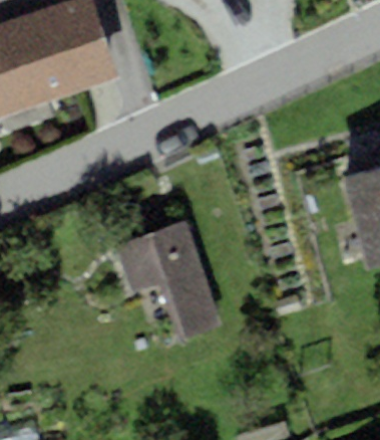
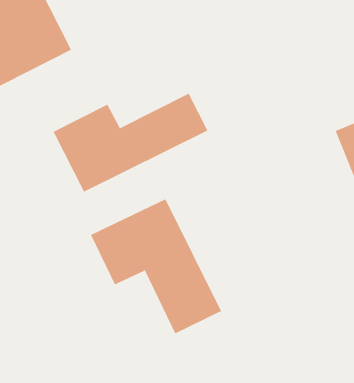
building: none -> [53,93,208,192]

